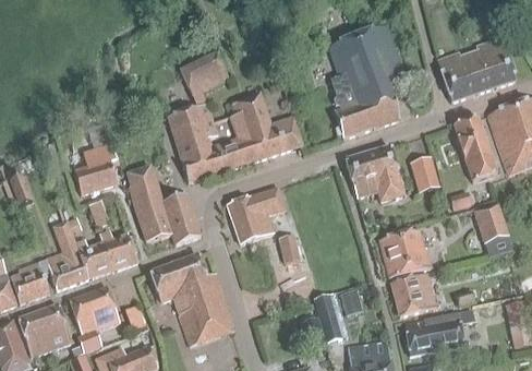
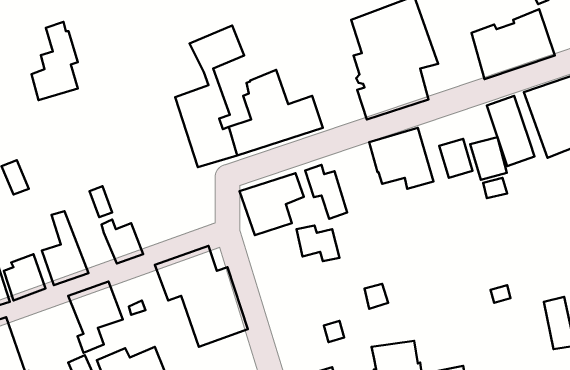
building: [74,122,117,194] -> [31,22,78,100]
building: [125,165,200,244] -> none
building: none -> [305,165,347,219]
building: [473,203,507,242] -> [470,137,507,180]
building: [65,217,113,278] -> none
building: [379,232,430,277] -> none
building: [390,274,434,315] -> none
building: [312,291,348,342] -> none
building: [16,303,70,356] -> none
building: [403,311,473,355] -> none

